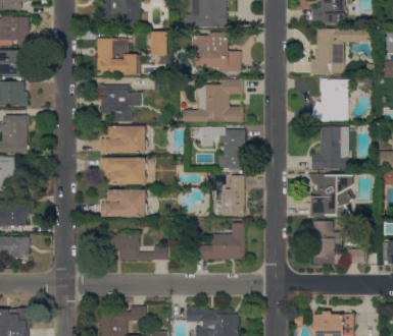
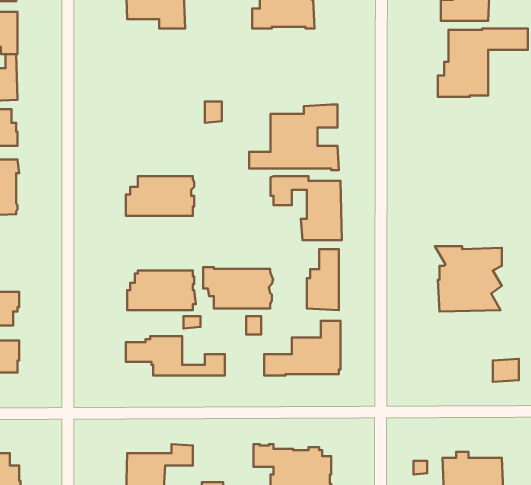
building: [146,31,168,64] -> none
building: [192,32,240,71] -> none
building: [96,39,139,74] -> none
building: [309,78,349,121] -> none
building: [100,85,141,121] -> none
building: [310,126,348,169] -> none
building: [100,157,147,184] -> [203,267,273,308]
building: [309,221,341,264] -> none

